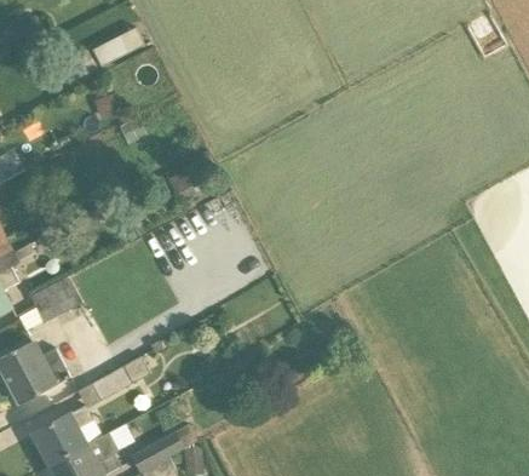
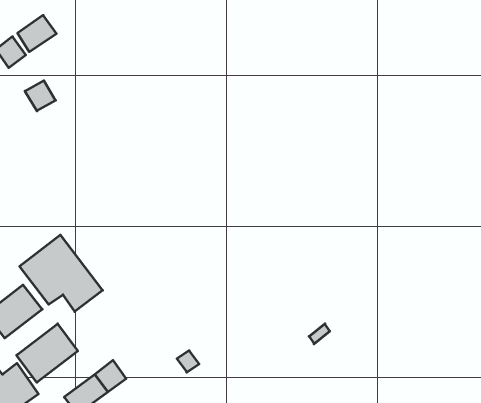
building: none -> [20,235,103,312]
building: none -> [17,324,78,382]

